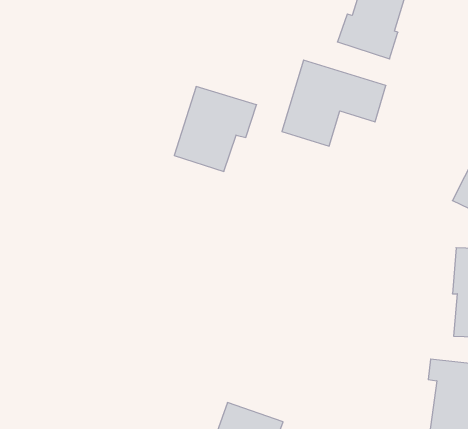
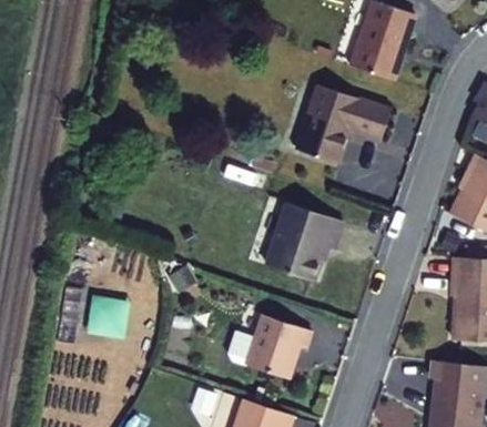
building: [174,87,257,171] -> [268,205,344,283]
building: none -> [230,315,313,378]

